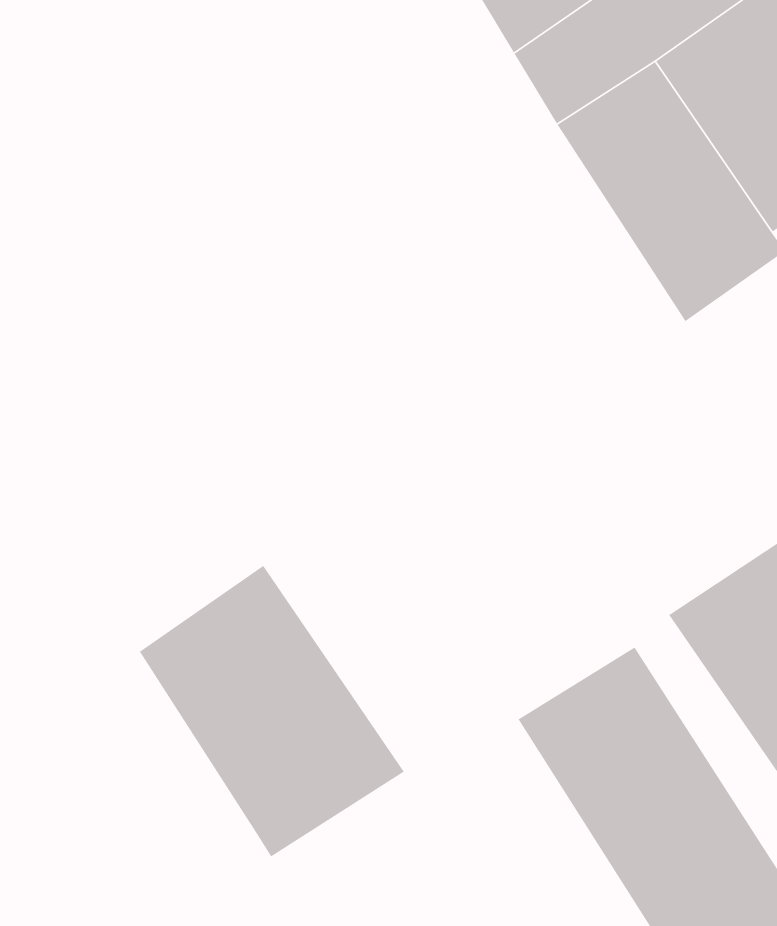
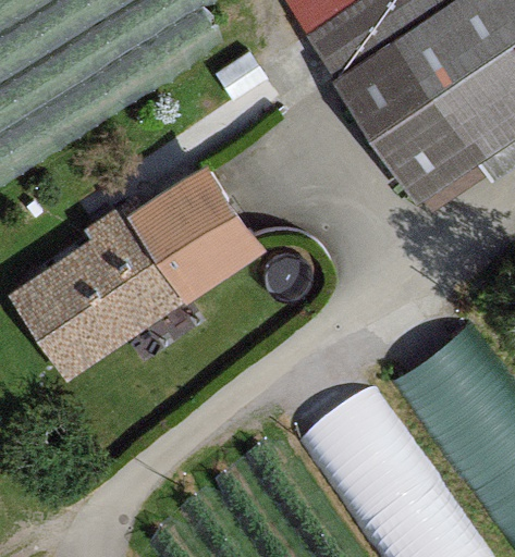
building: none -> [35,177,253,363]
building: [139,565,405,858] -> none

